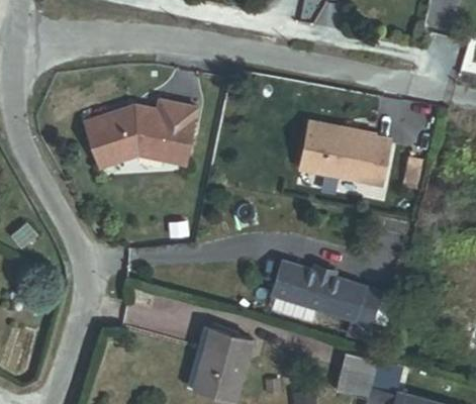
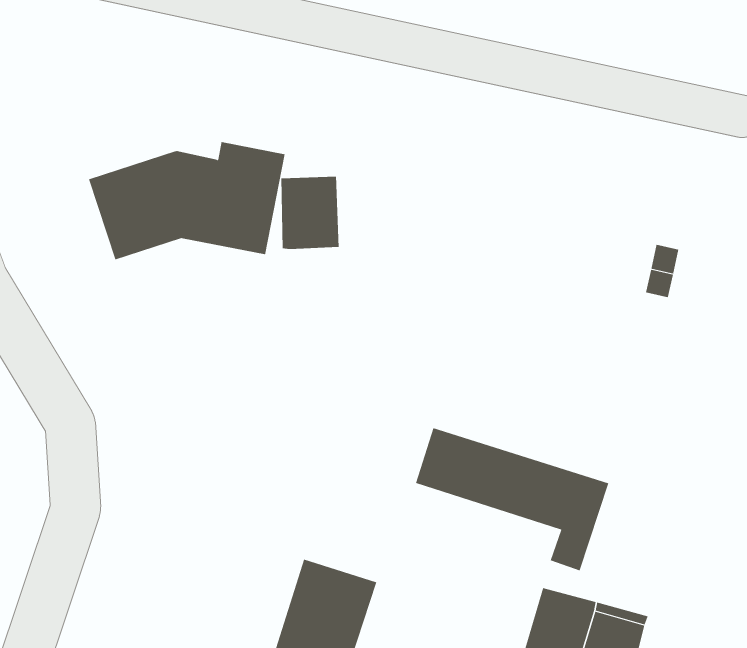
building: [303,115,393,184] -> none
building: none -> [281,176,339,250]

